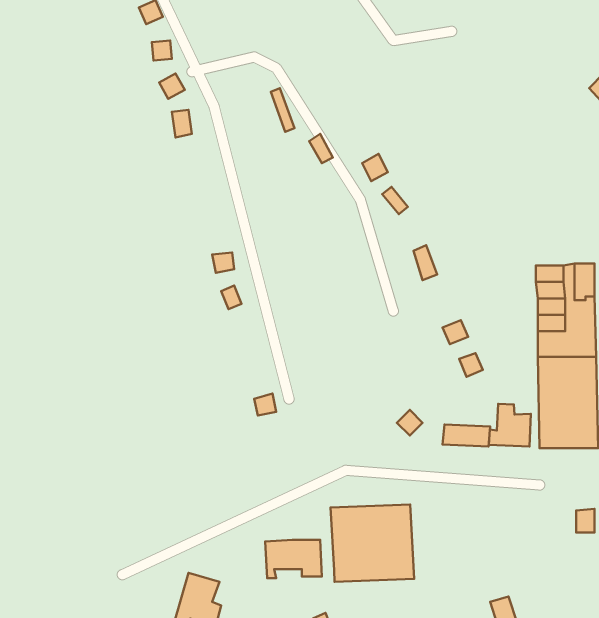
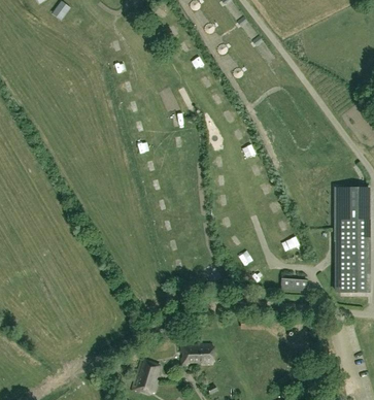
building: [489,404,531,446] -> none
building: [331,504,414,582] -> none

